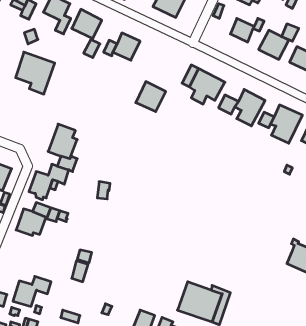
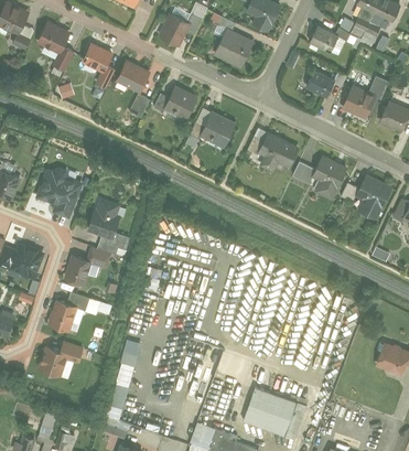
building: [16,52,55,94] -> [35,165,83,216]
building: [136,82,166,112] -> [201,110,237,147]
building: [13,276,51,306] -> [37,340,84,376]

